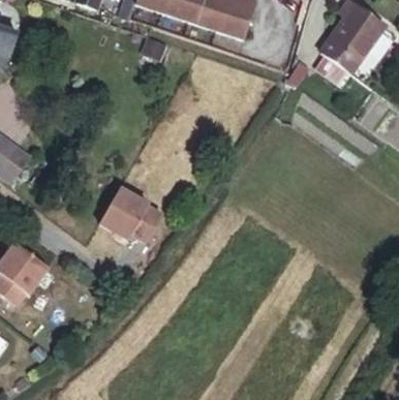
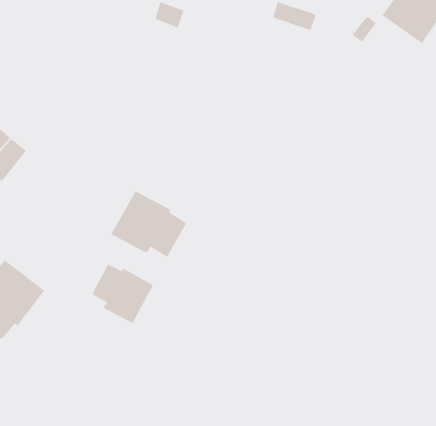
building: none -> [91,264,154,324]

